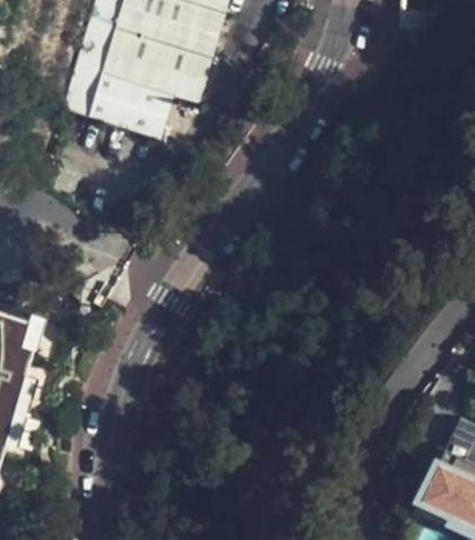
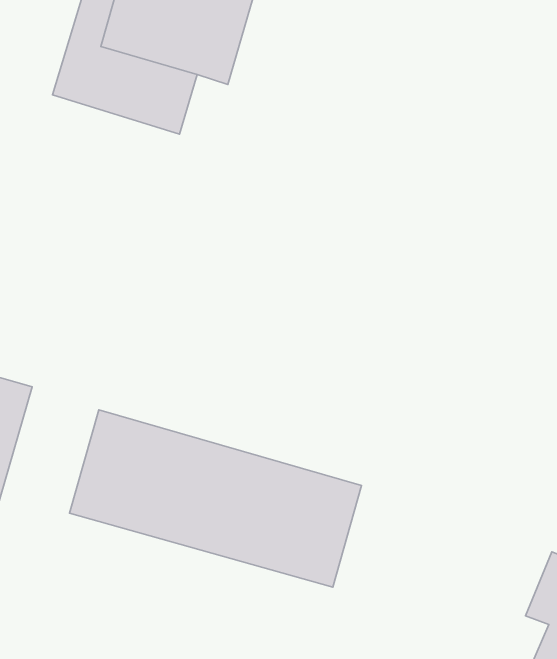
building: none -> [69,410,362,587]

